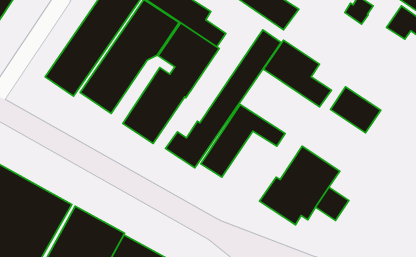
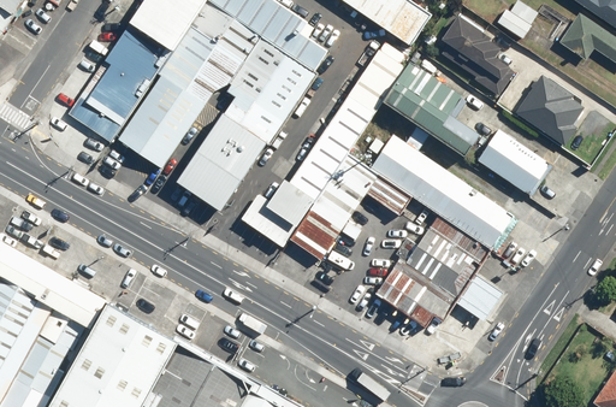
building: none -> [439,16,514,96]
building: none -> [514,75,584,146]
building: none -> [368,134,513,249]

